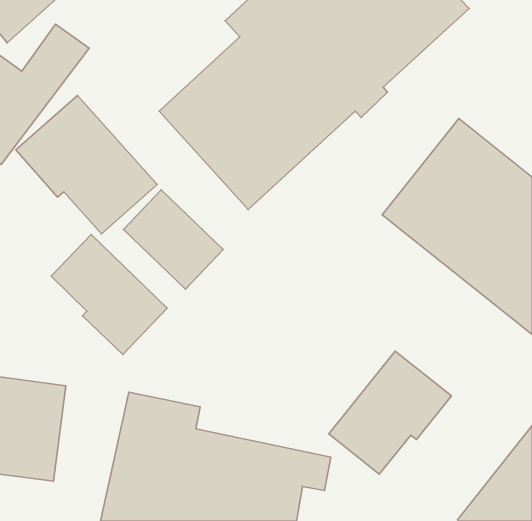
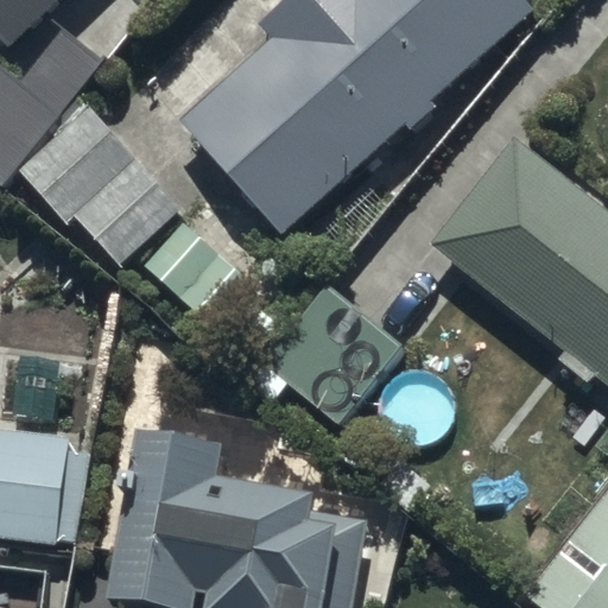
building: [51,235,167,355] -> none
building: none -> [258,280,403,425]
building: [329,351,451,474] -> none

